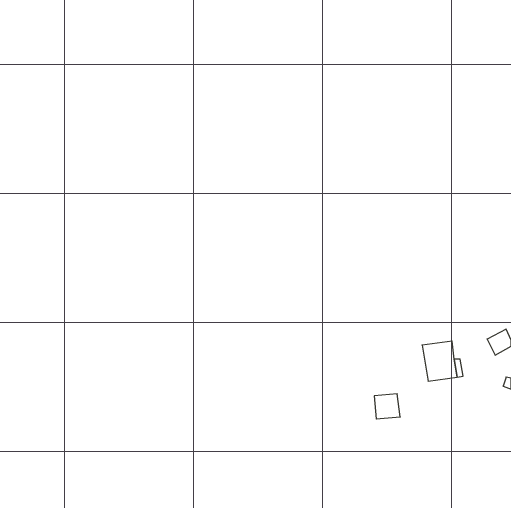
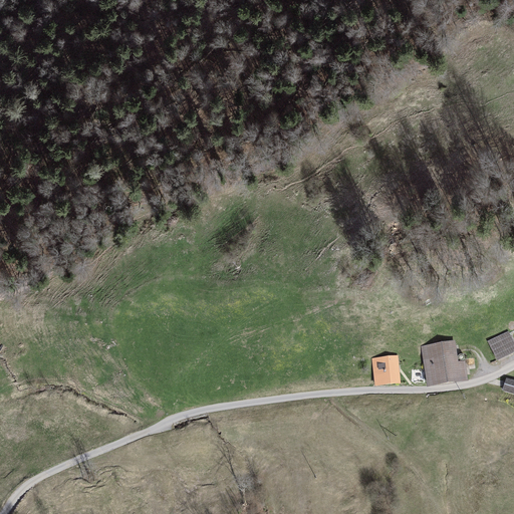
building: [374,394,400,419] -> [373,356,400,381]

